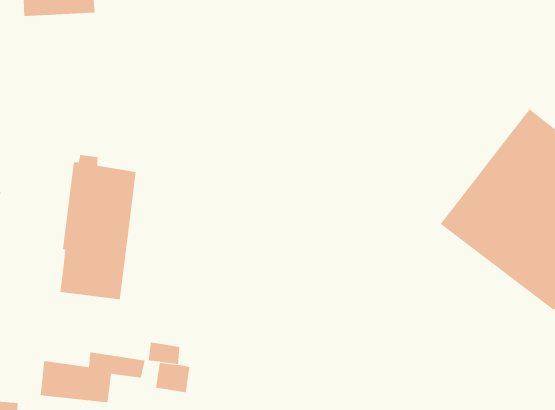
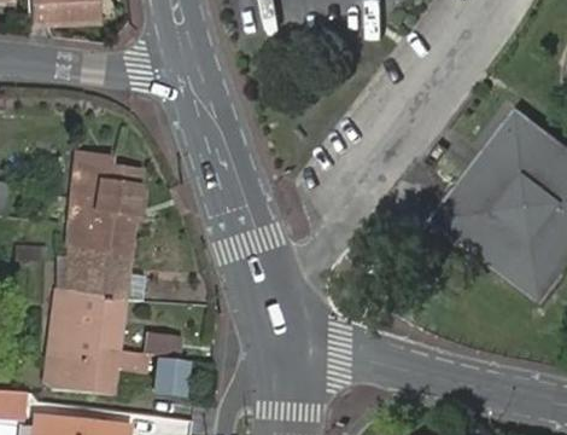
building: none -> [49,286,124,360]

